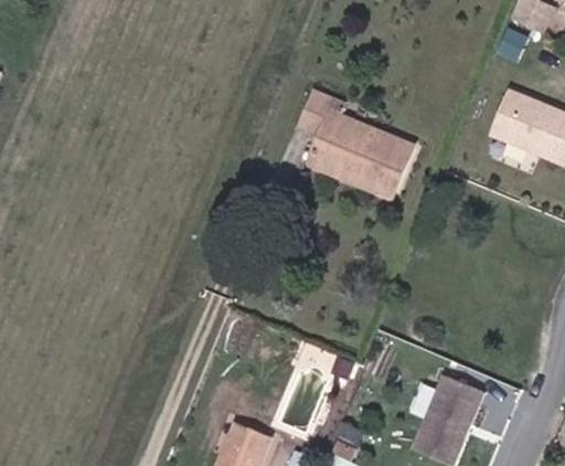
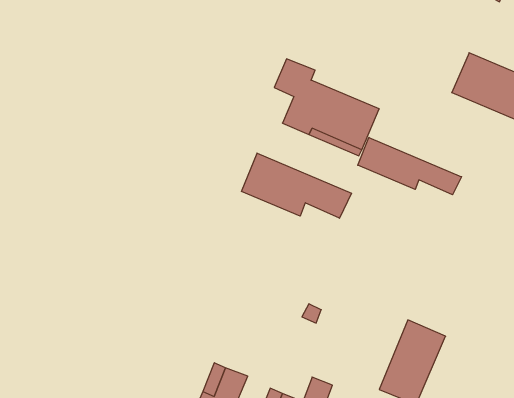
building: none -> [358,137,462,195]
building: none -> [241,153,352,218]

